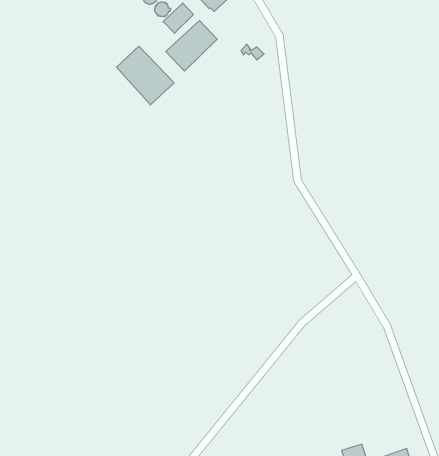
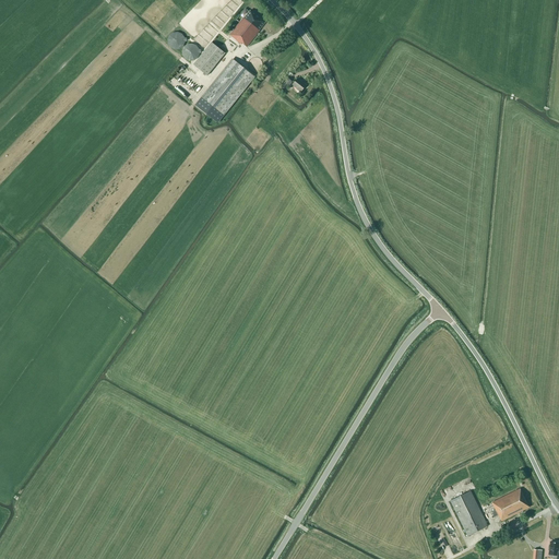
building: [116,46,174,105] -> none

